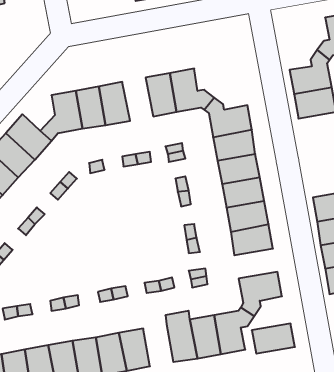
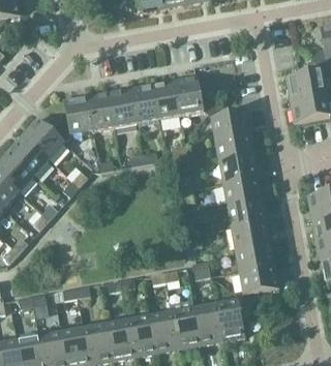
building: none -> [129,83,158,123]
building: [252,324,295,354] -> [234,242,274,270]
building: none -> [149,312,177,352]

